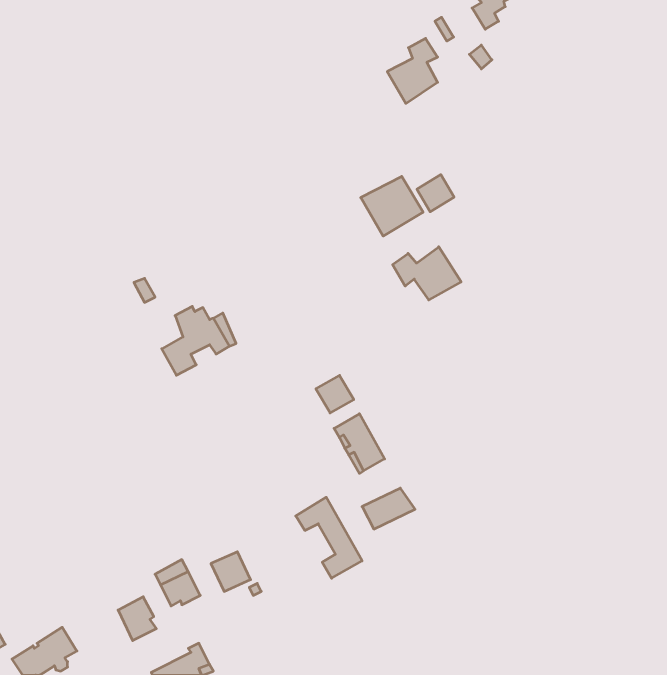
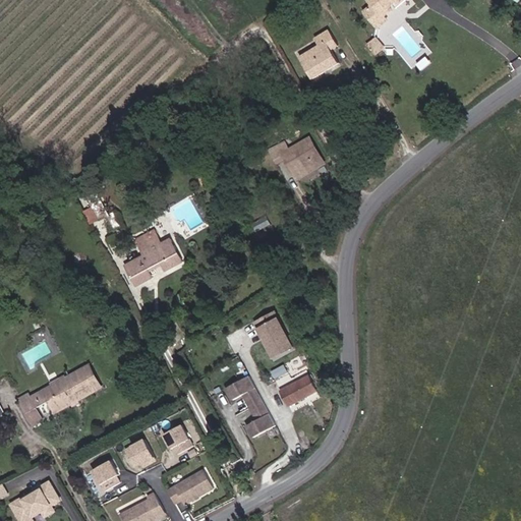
building: [417,175,454,212] -> none
building: [393,247,461,300] -> none
building: [316,375,354,413] -> none
building: none -> [14,361,100,424]
building: none -> [166,469,211,504]

